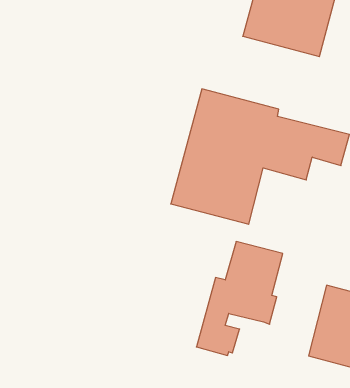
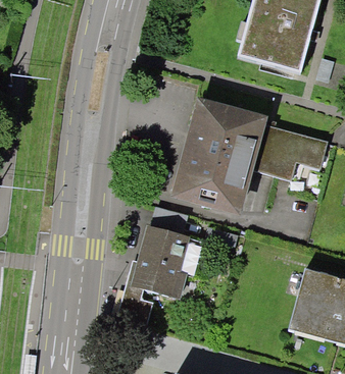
building: [196,242,283,355] -> [115,227,189,324]

